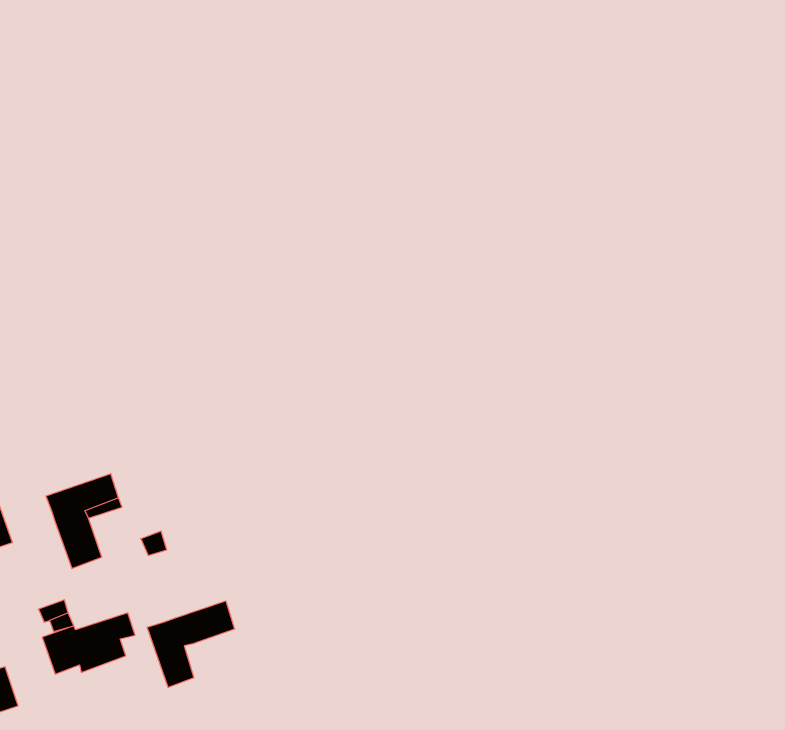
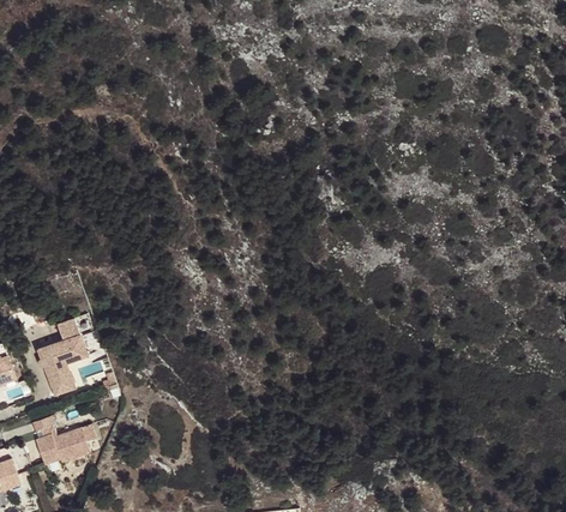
building: [147,601,235,688] -> none

